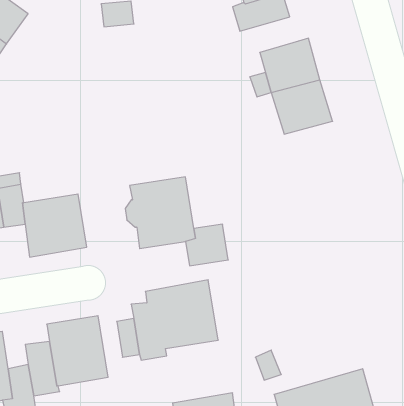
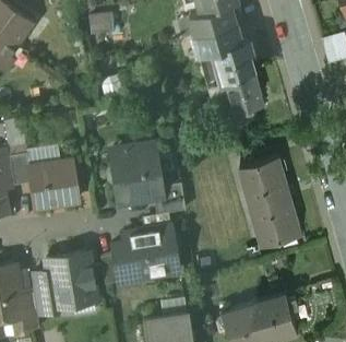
building: none -> [194,25,239,56]
building: none -> [240,156,302,246]

